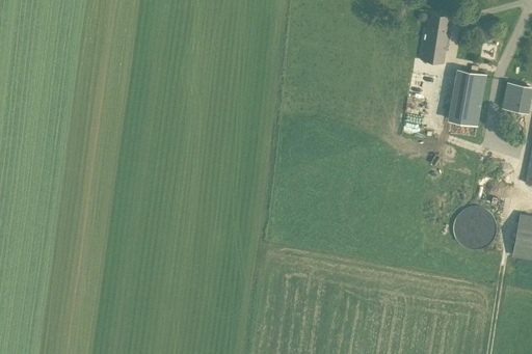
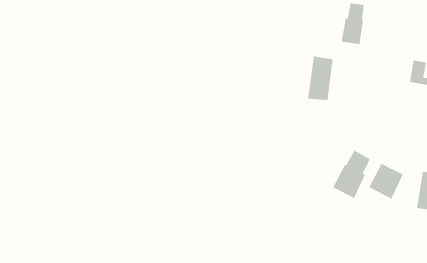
building: [452,65,483,119] -> [307,55,333,101]
building: none -> [332,150,371,199]

